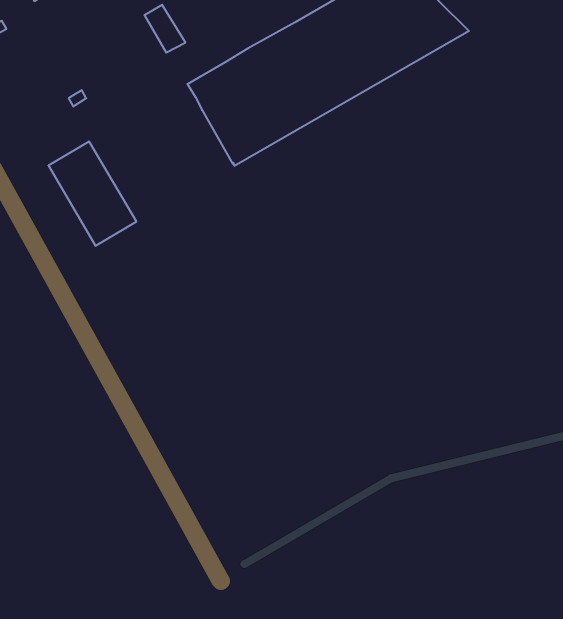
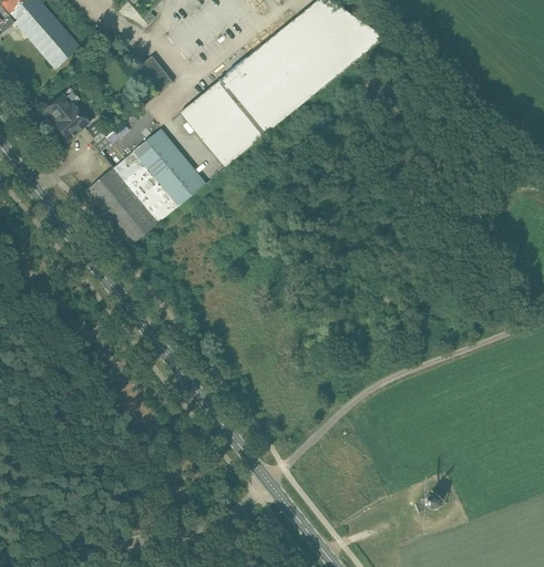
building: none -> [43,86,88,142]
building: none -> [113,128,205,221]

